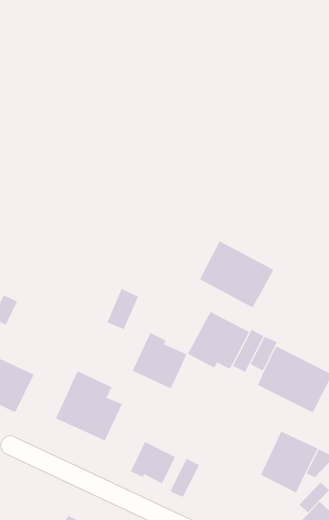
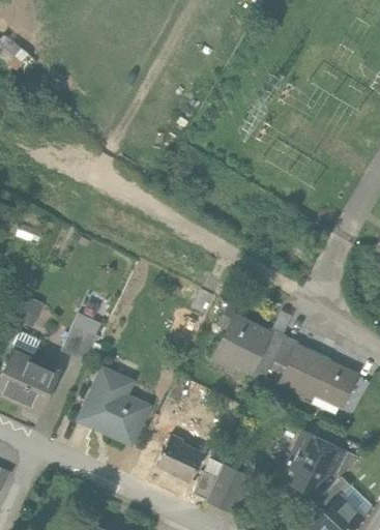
building: [199,240,274,308] -> none
building: [107,288,139,330] -> [66,315,98,356]
building: [132,332,187,389] -> none
building: none -> [207,466,246,510]

